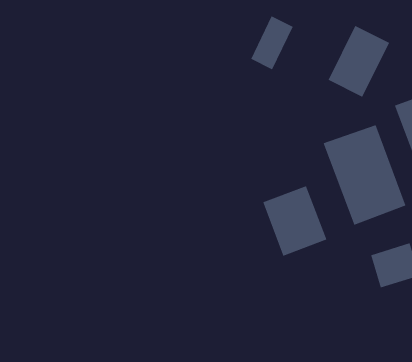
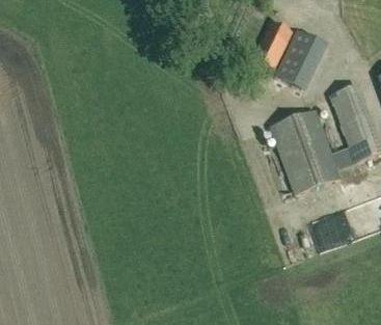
building: [250,15,294,70] -> [253,21,290,66]
building: [262,185,327,257] -> none

